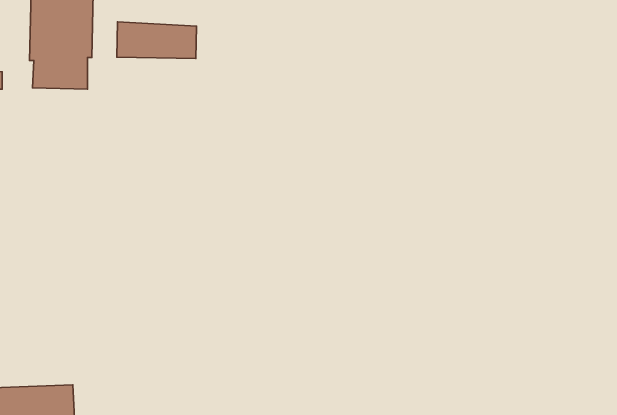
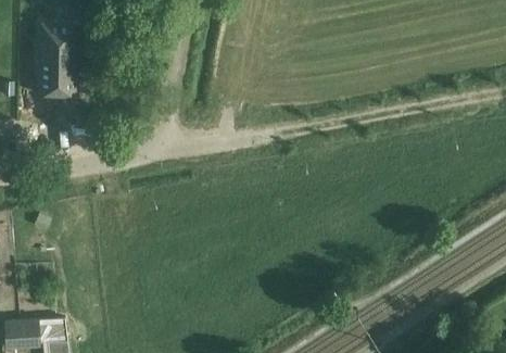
building: [117,22,197,58] -> none

